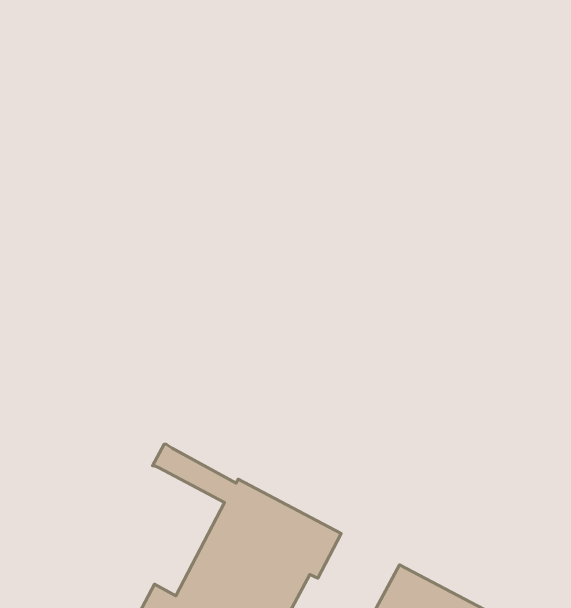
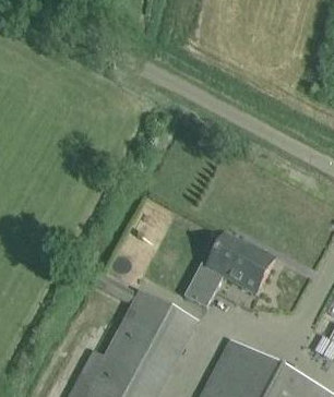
building: none -> [183,236,274,308]

